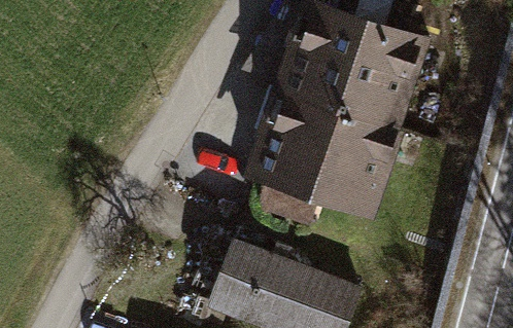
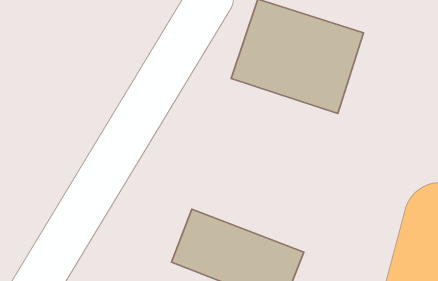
building: [247,90,396,219] -> none

